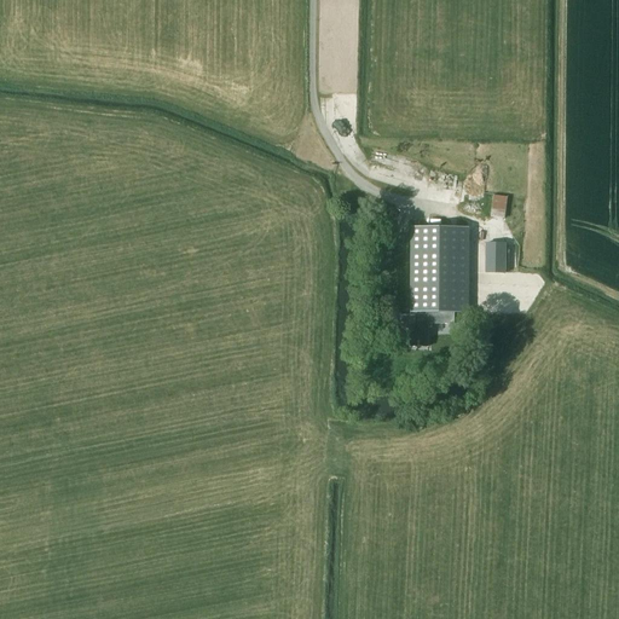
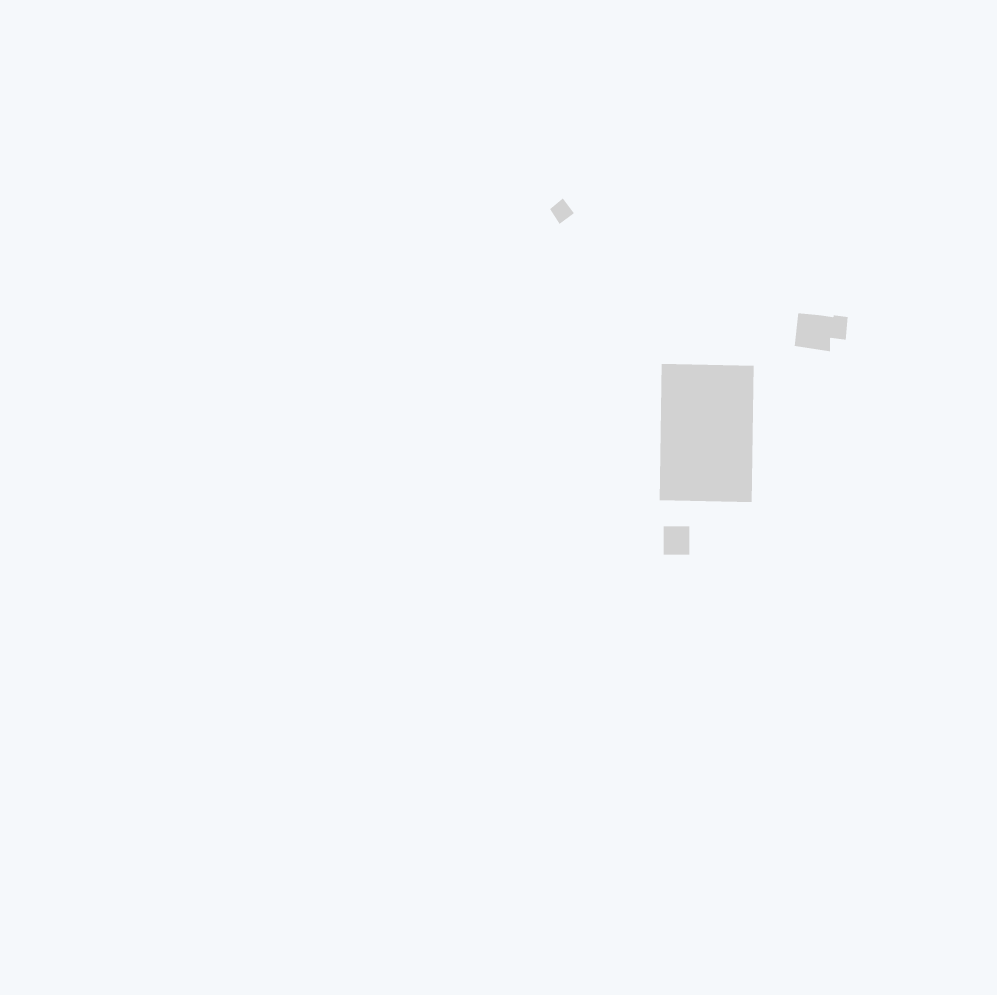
building: [486,241,507,271] -> none

